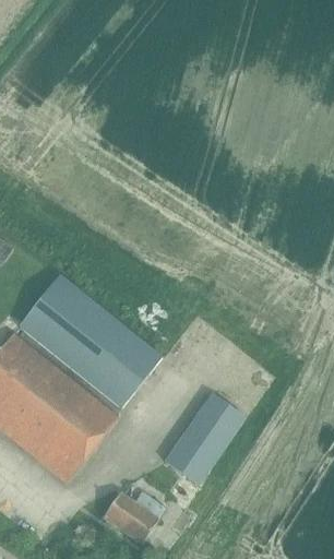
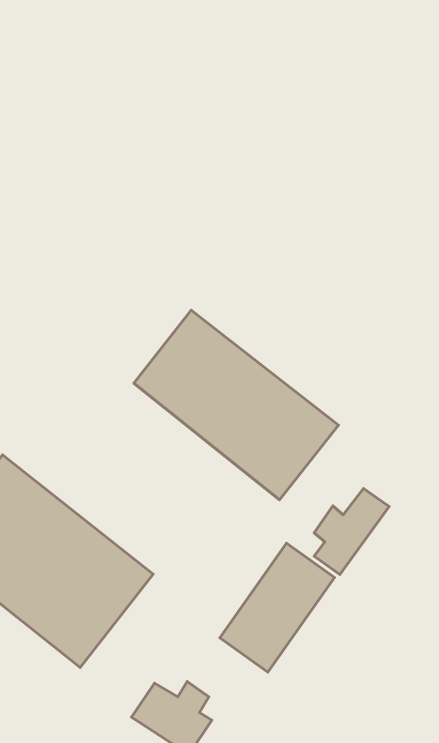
building: [19,274,163,407] -> [134,310,338,500]
building: none -> [314,488,389,574]

